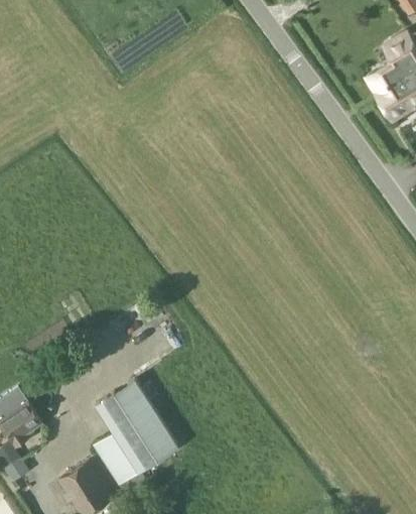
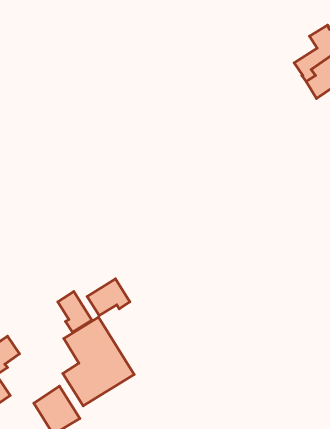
building: none -> [87,279,130,316]
building: none -> [58,291,92,332]

